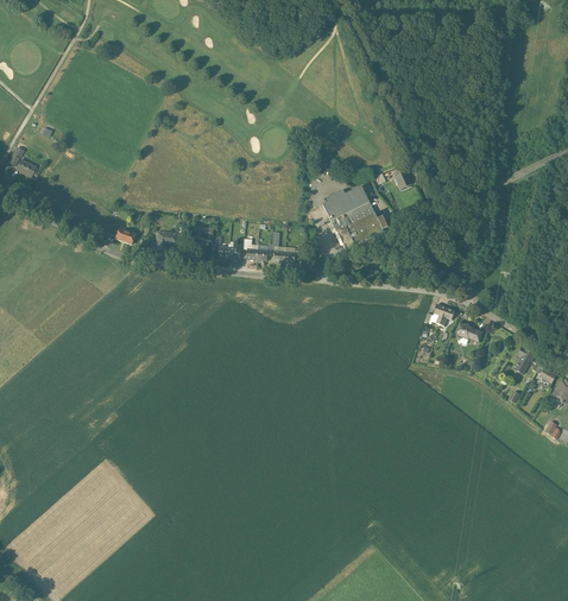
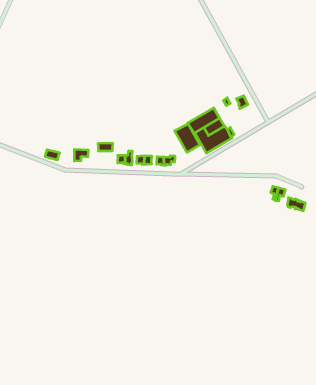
building: none -> [175,124,200,152]

